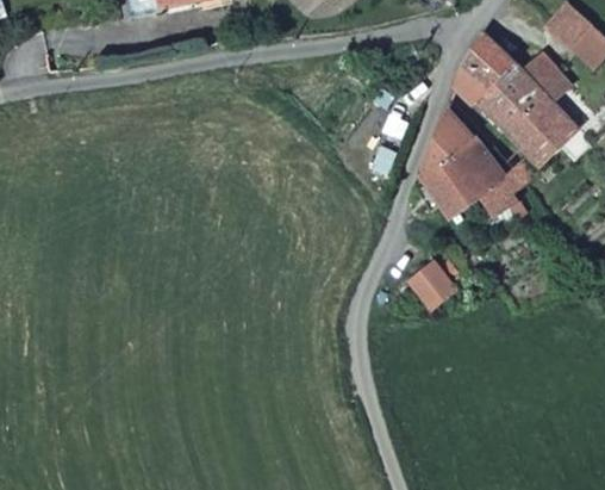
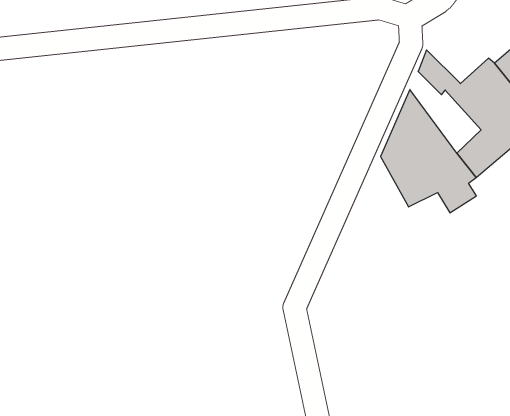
building: [461,33,522,95] -> none
building: [407,262,454,311] -> none

